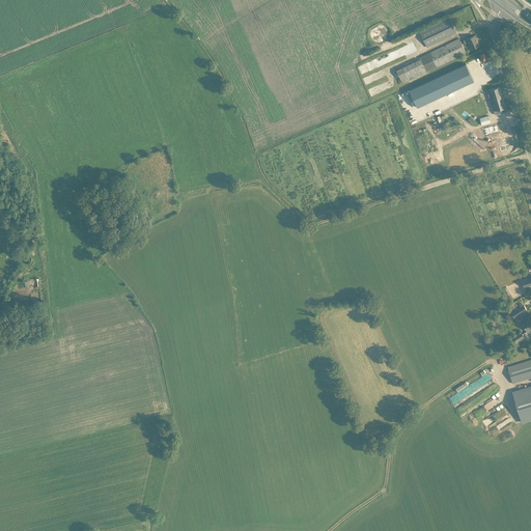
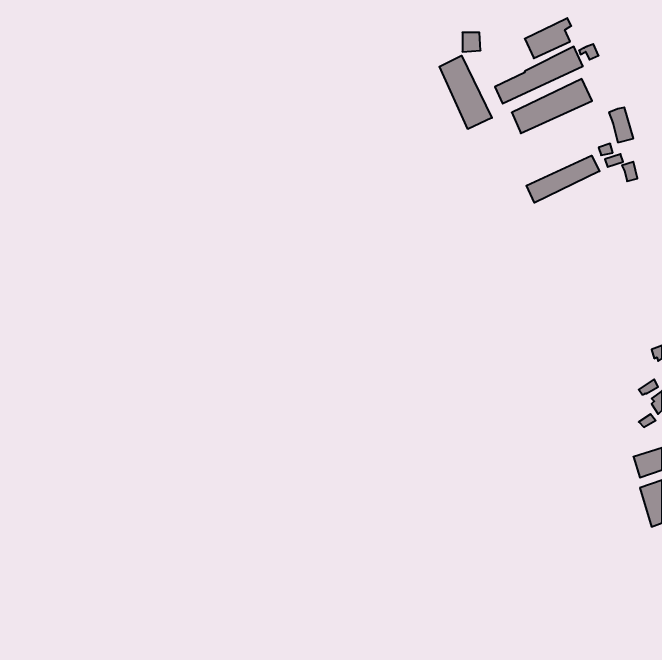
building: none -> [439,56,492,129]
building: none -> [526,156,600,203]

